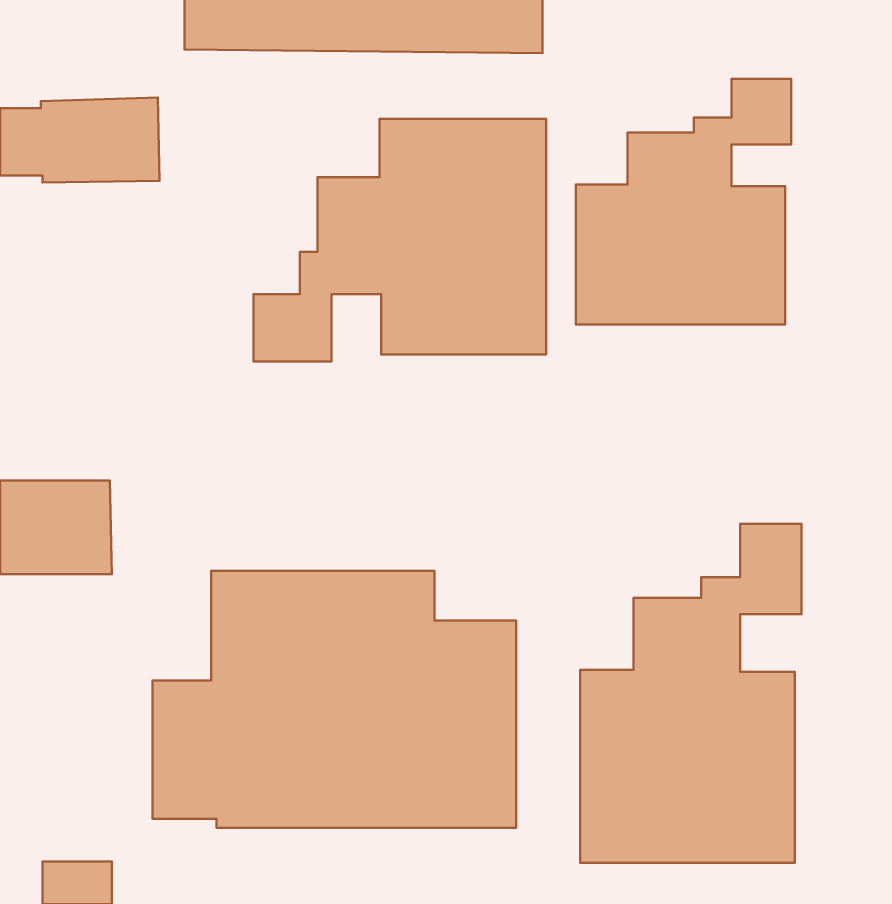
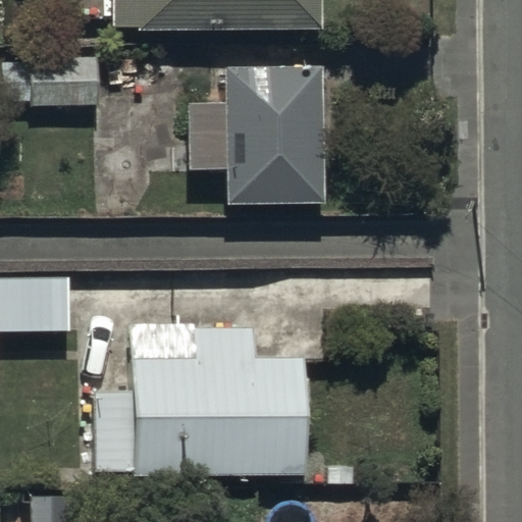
building: [576,79,791,324] -> none
building: [580,524,801,863] -> none

